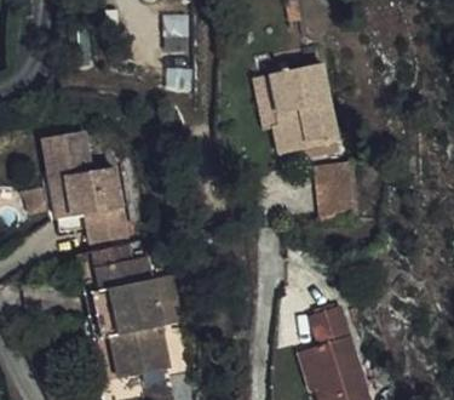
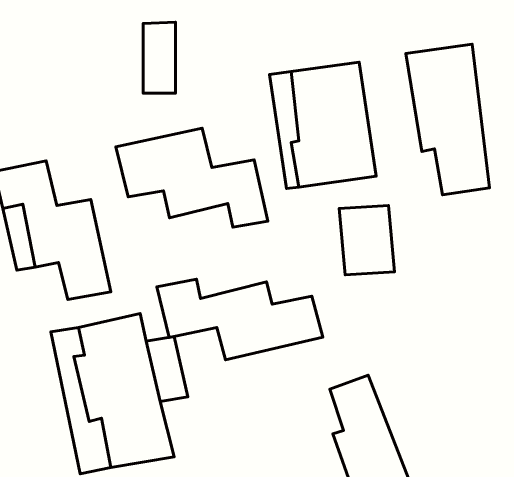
building: none -> [406,44,490,195]
building: none -> [116,128,268,227]
building: none -> [157,279,323,360]

